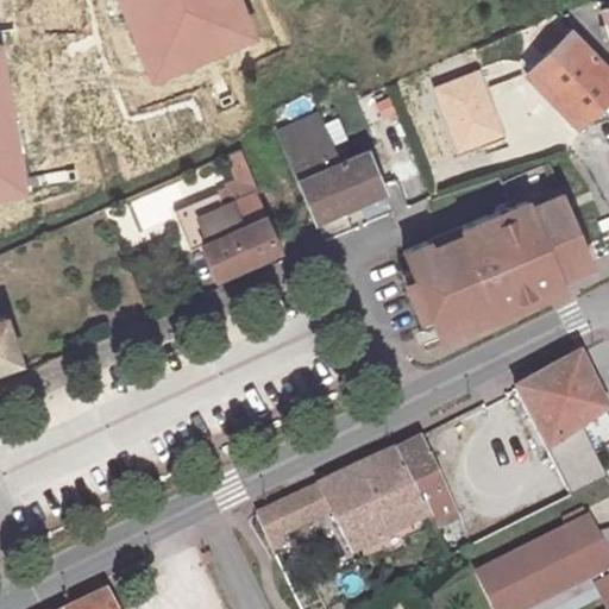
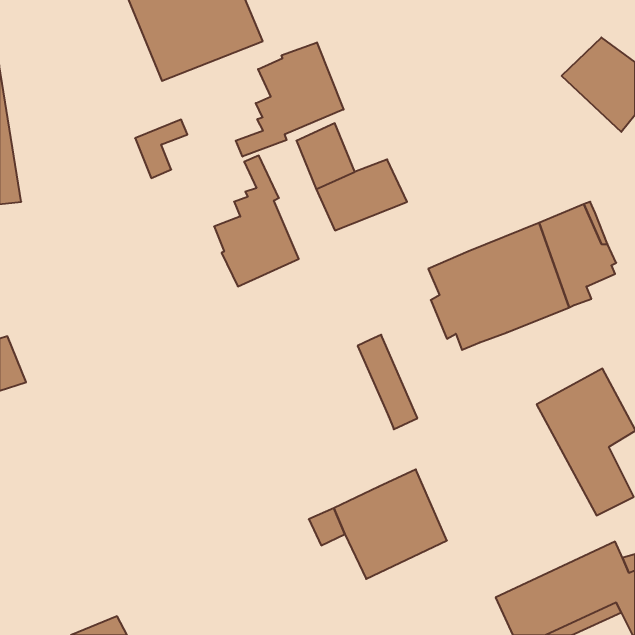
building: none -> [236,42,344,157]
building: [435,73,501,150] -> none
building: [180,193,230,249] -> [135,120,187,178]
building: [397,438,454,528] -> [358,335,417,429]
building: [252,496,307,542] -> none

